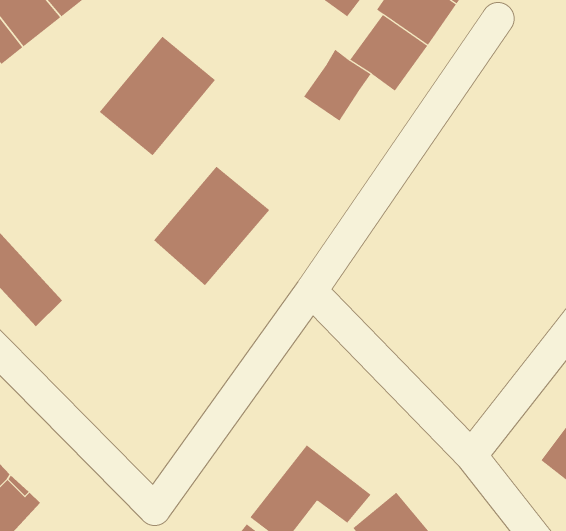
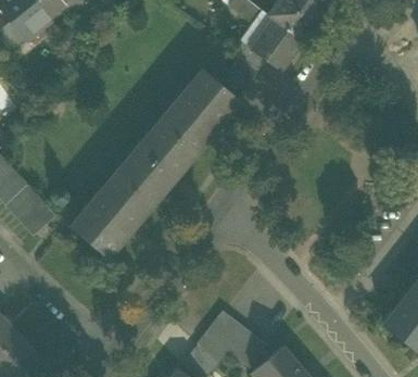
building: [99,36,216,156] -> [160,71,240,153]
building: none -> [72,174,152,257]

